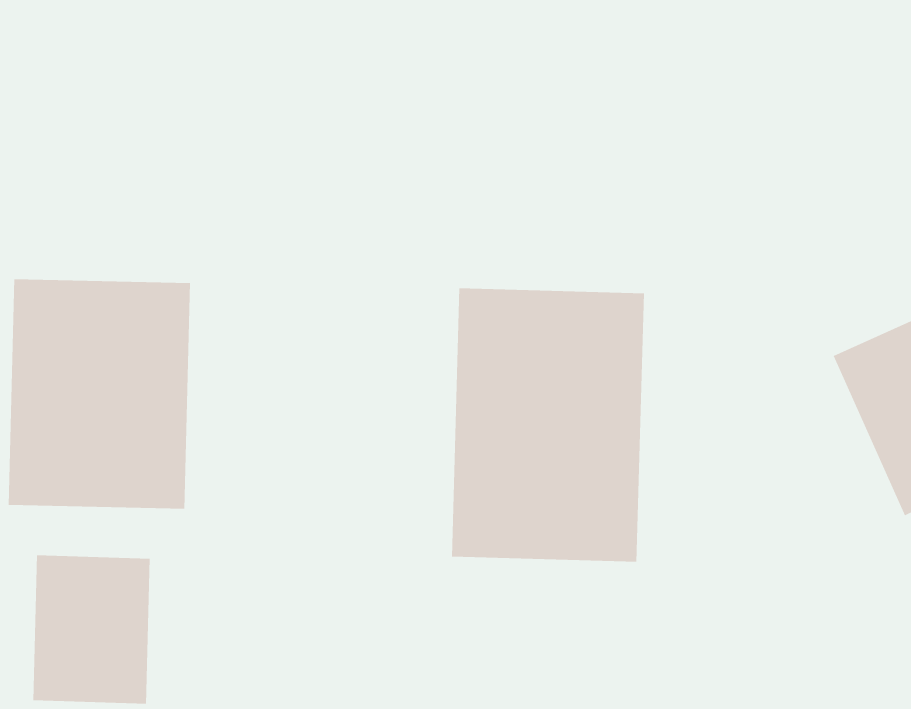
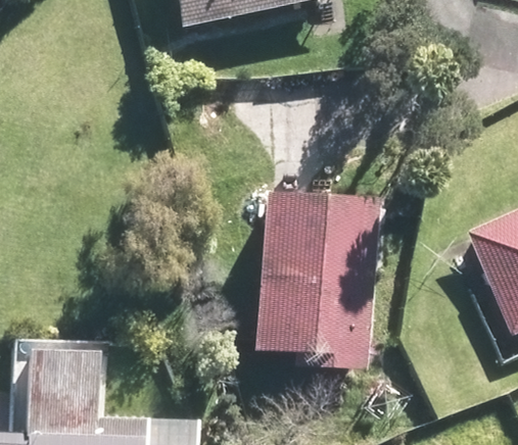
building: [8,278,191,510] -> none

